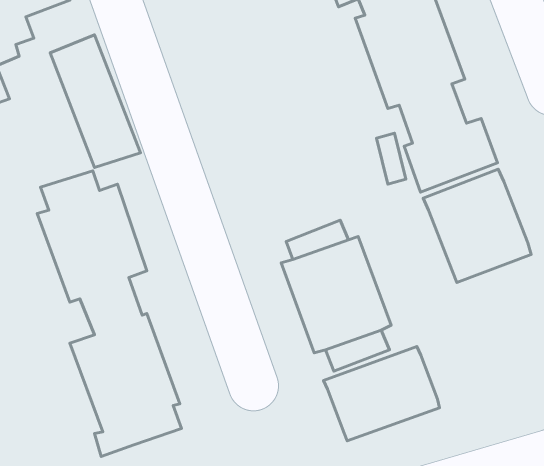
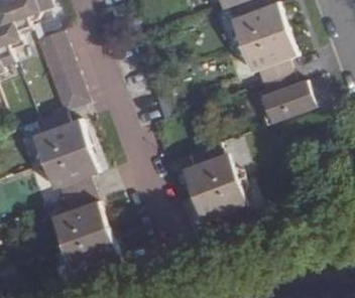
building: [423,169,531,282] -> none
building: [323,347,439,441] -> none

